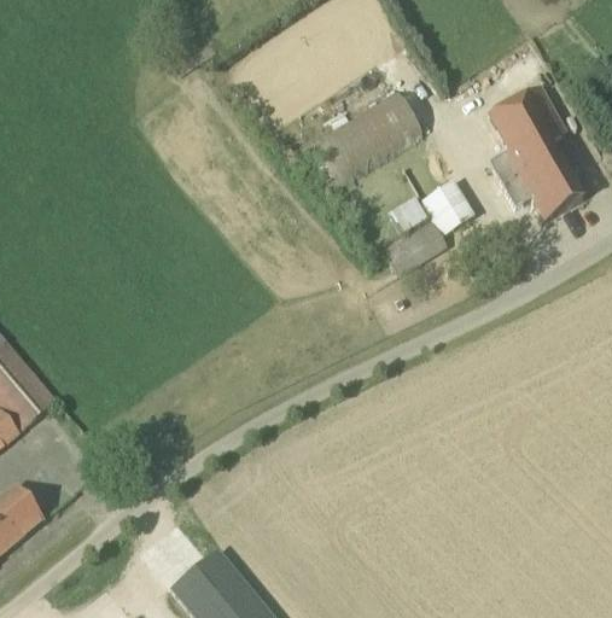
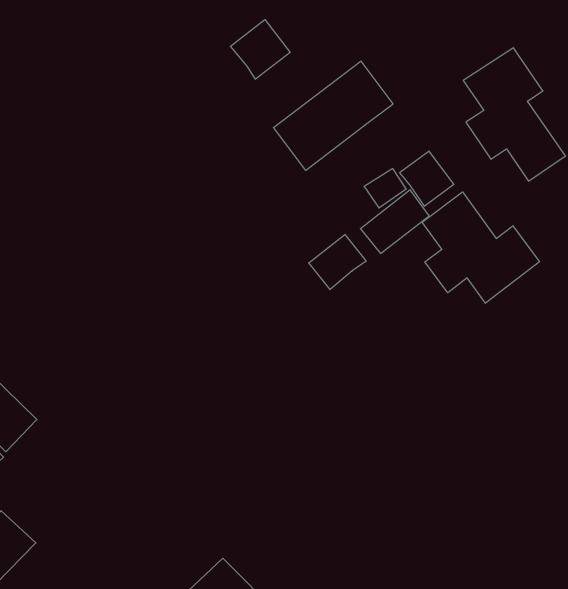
building: none -> [230,20,290,79]
building: none -> [422,192,539,303]
building: none -> [309,234,366,290]

